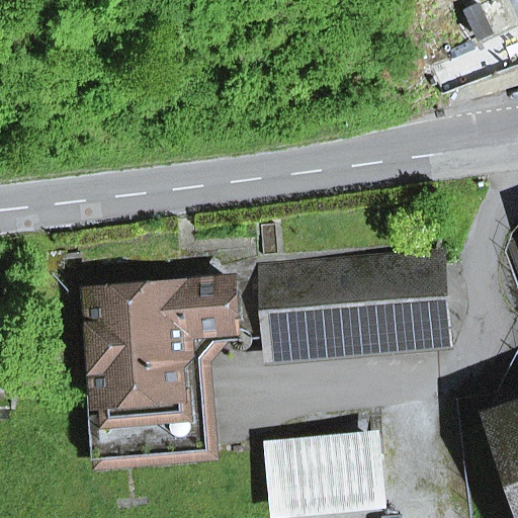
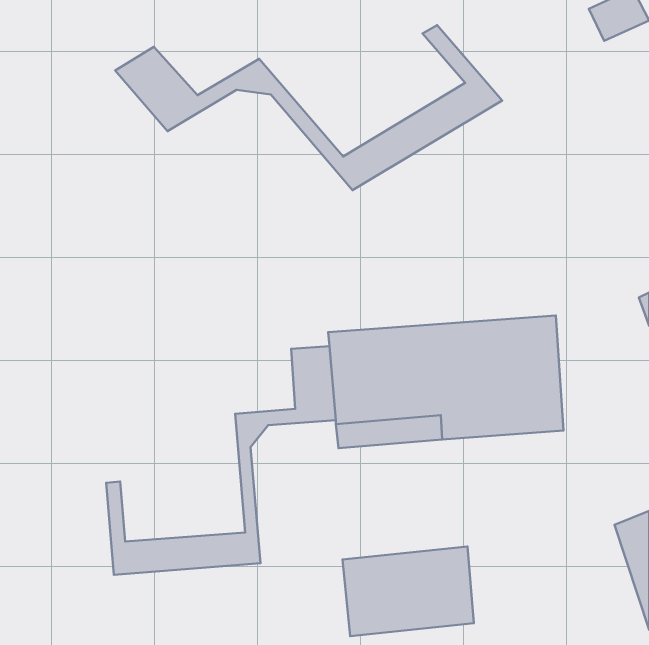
building: none -> [115,25,502,190]
building: [88,276,234,429] -> none

